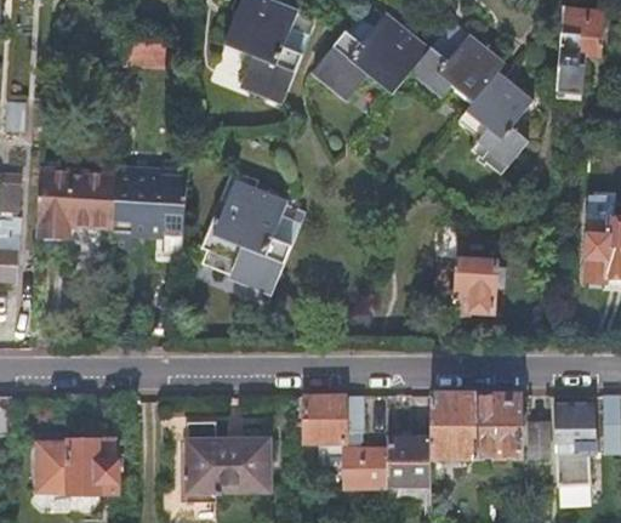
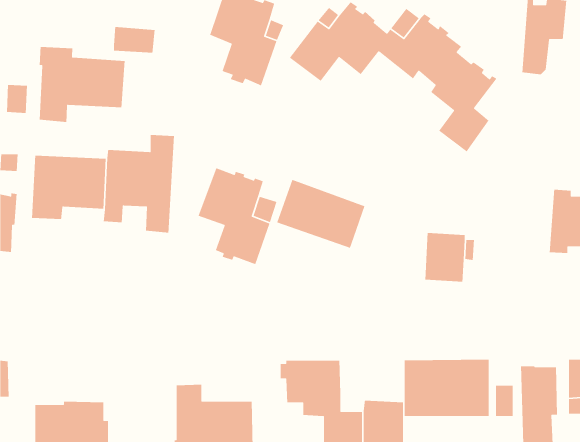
building: none -> [39,46,126,123]
building: none -> [276,179,366,249]

